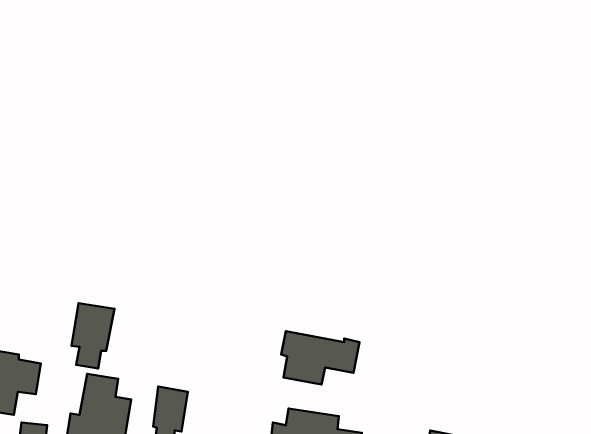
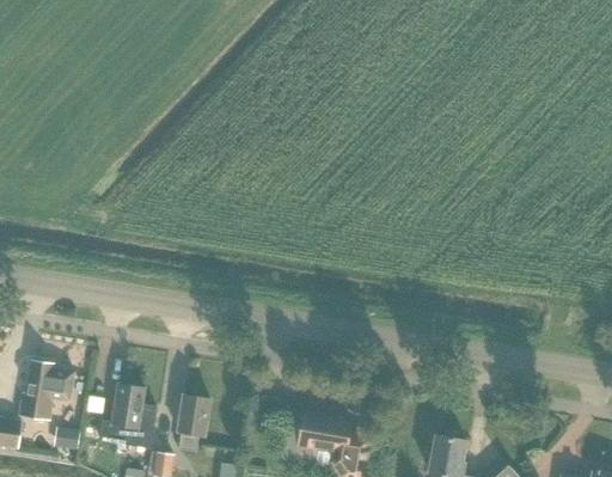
building: [72,303,115,369] -> none
building: [281,331,360,385] -> none

